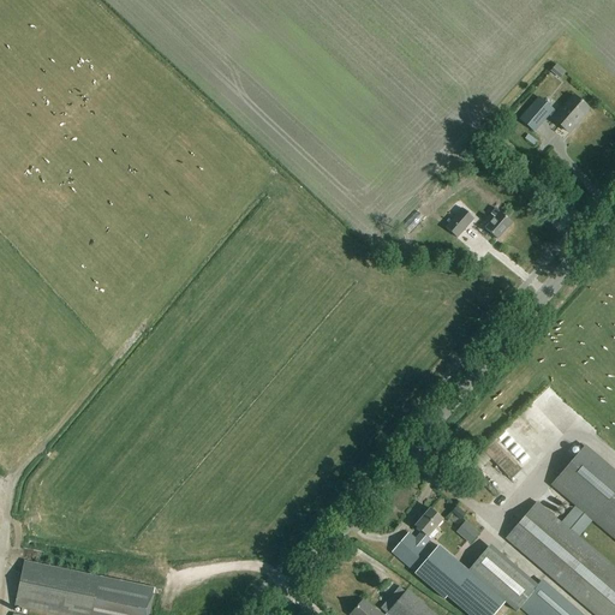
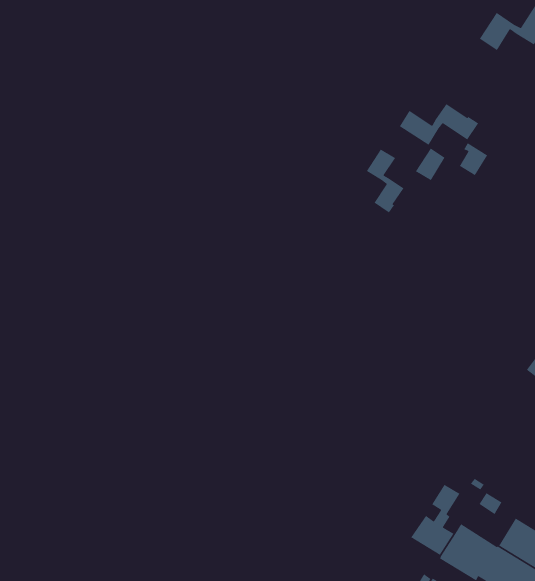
building: none -> [399,103,479,146]
building: none -> [366,148,404,214]

